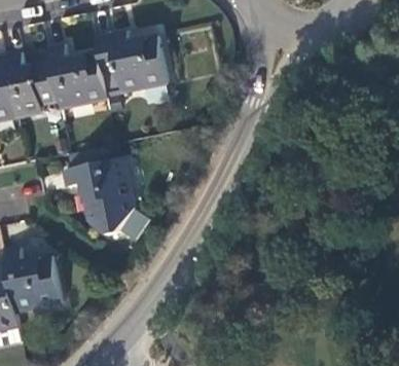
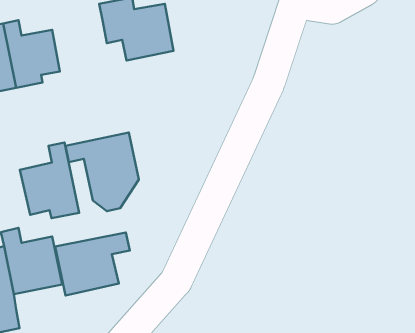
building: [50,45,110,108] -> none
building: none -> [20,143,79,218]
building: none -> [55,232,130,296]

